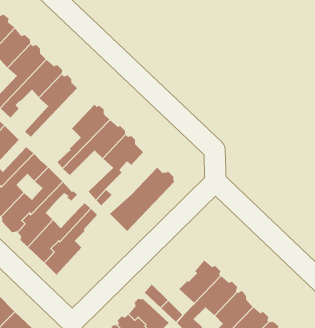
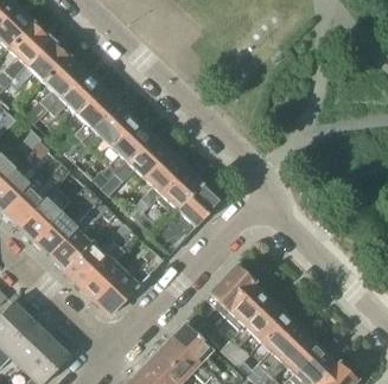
building: none -> [66,102,134,162]
building: none -> [157,169,202,213]
building: none -> [94,248,163,315]
building: none -> [205,264,253,314]

